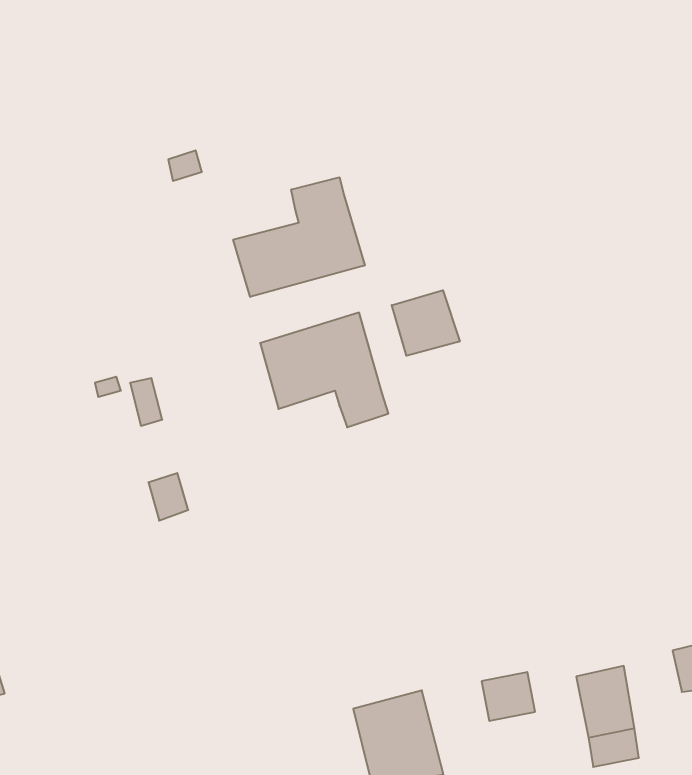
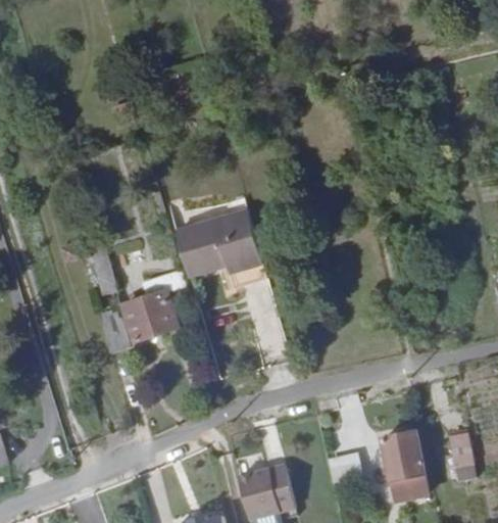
building: [233,177,365,297] -> none
building: [392,290,460,356] -> none
building: none -> [120,286,173,336]

